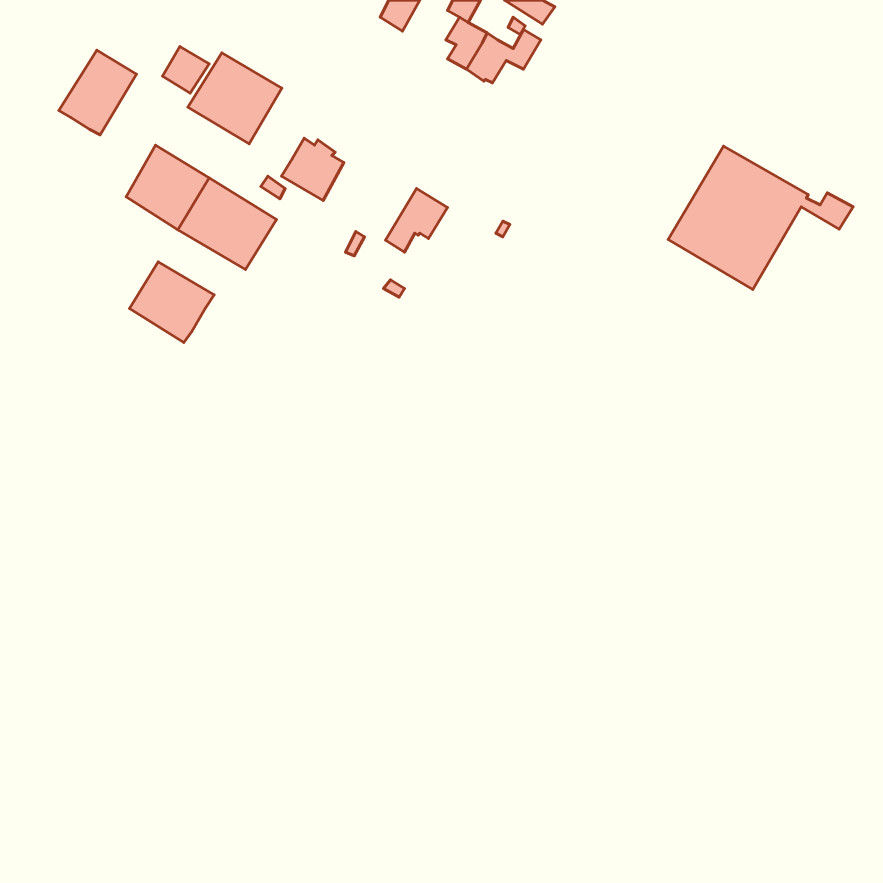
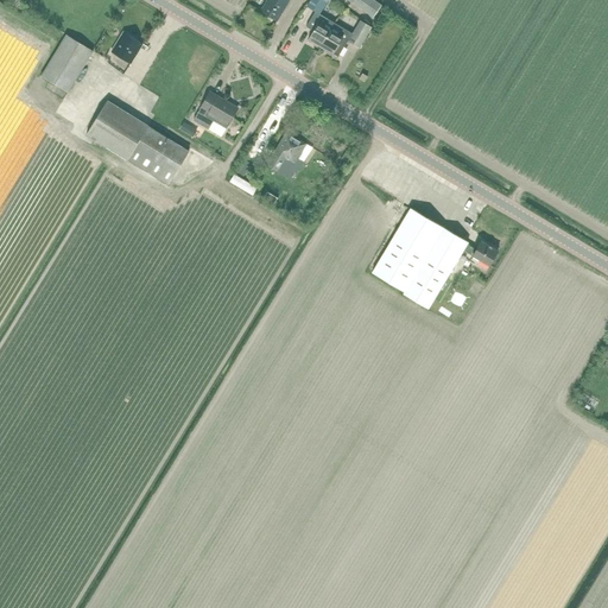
building: [188,53,282,144] -> none
building: [668,146,853,290] -> [372,209,499,308]
building: [130,262,214,342] -> none

